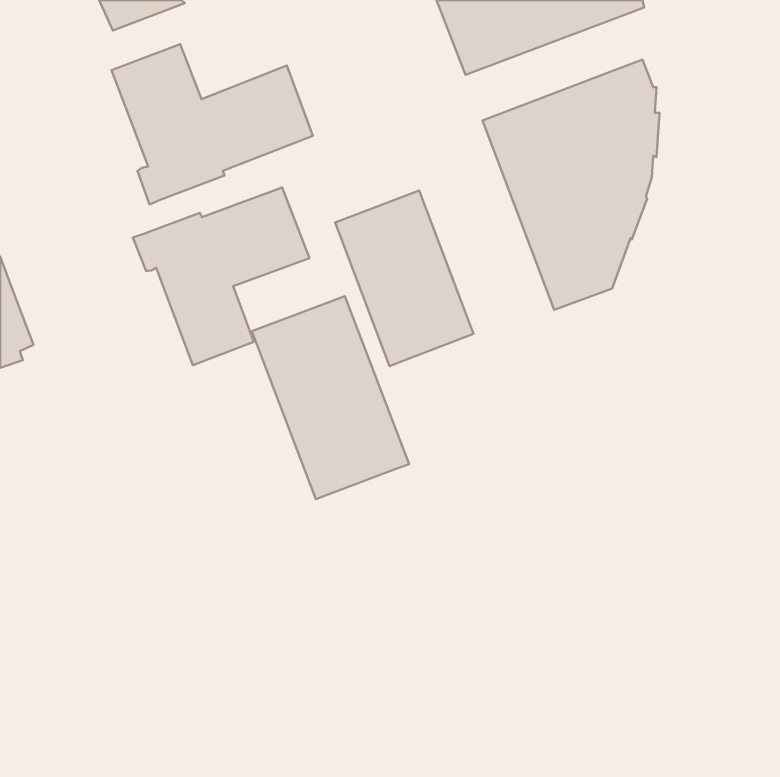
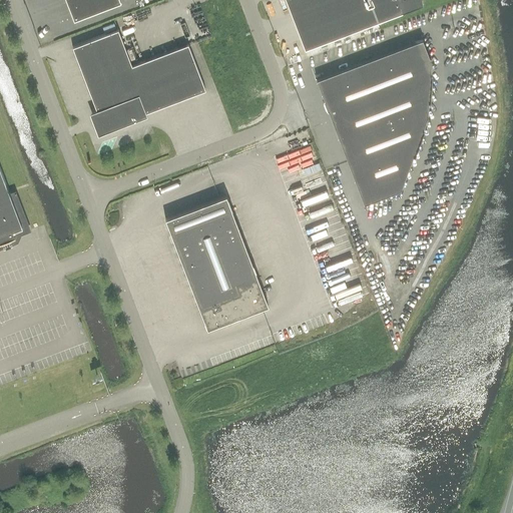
building: [133,188,310,365] -> none
building: [335,190,473,366] -> none

